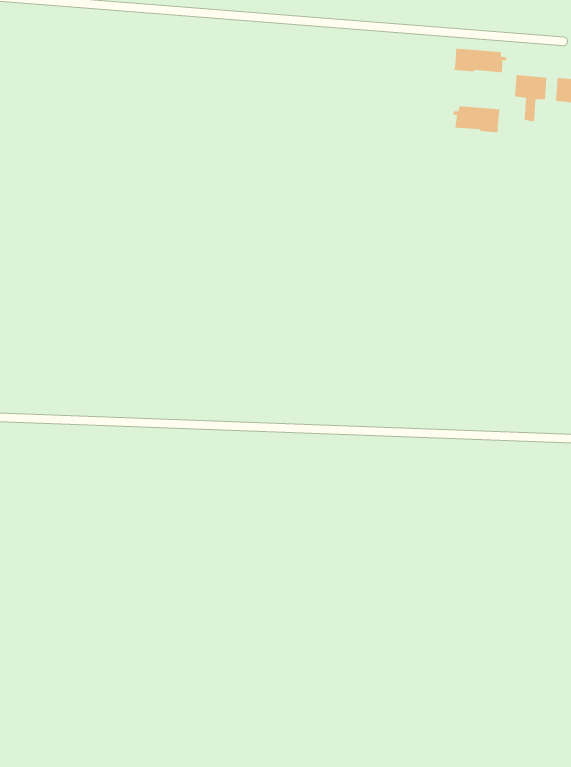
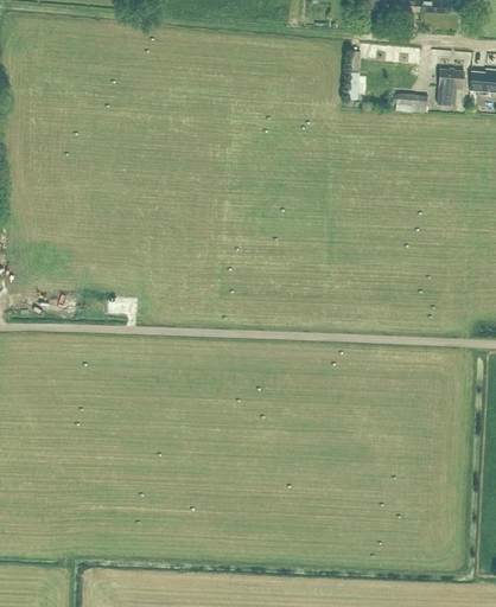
building: [454,48,507,73] -> none

